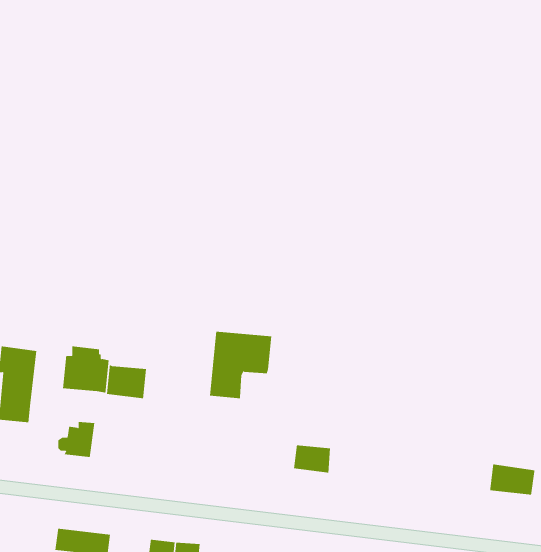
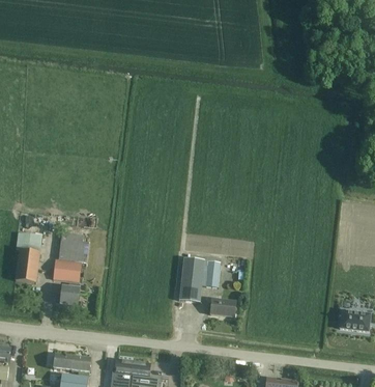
building: [209,331,272,399] -> [178,258,220,303]
building: [106,364,147,399] -> [53,259,80,282]

